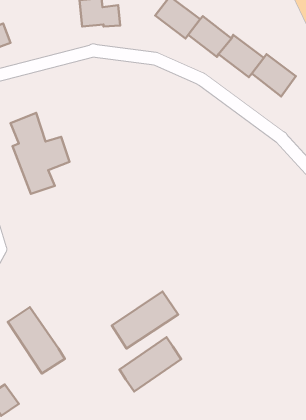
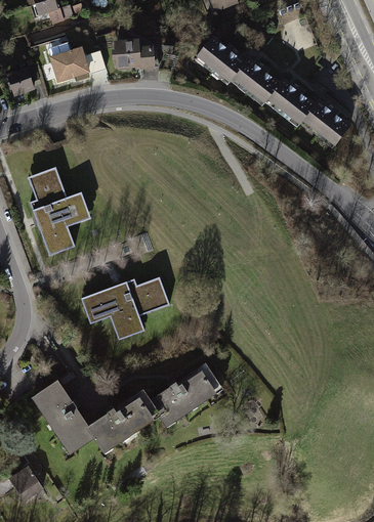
building: none -> [47,44,95,81]
building: none -> [87,275,173,341]
building: [119,337,181,392] -> [86,391,155,451]

